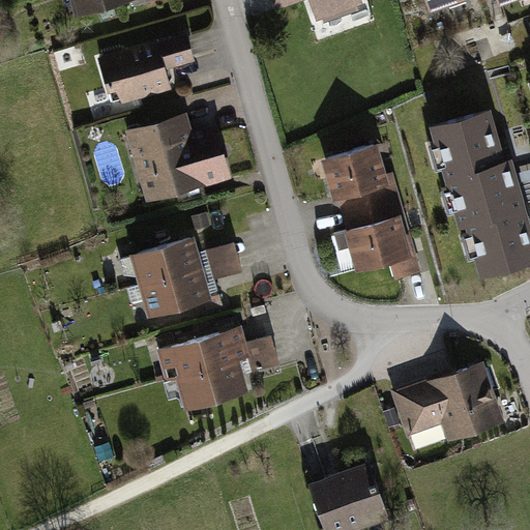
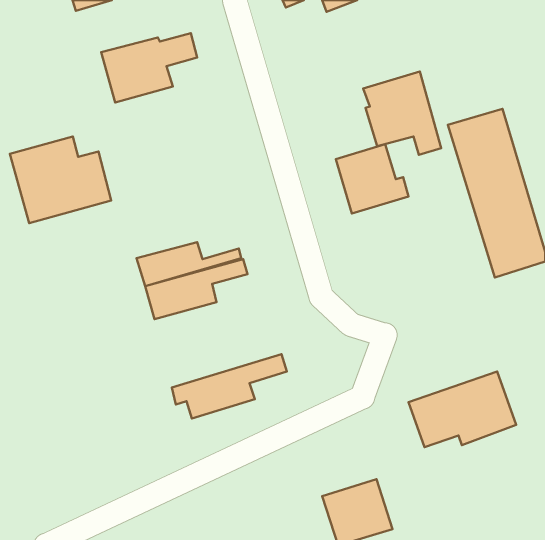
building: [126,117,225,201] -> [10,137,111,223]
building: [342,196,417,276] -> [363,71,441,155]
building: [158,326,273,381] -> none

